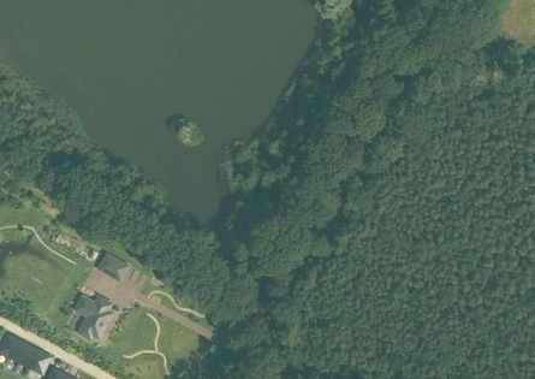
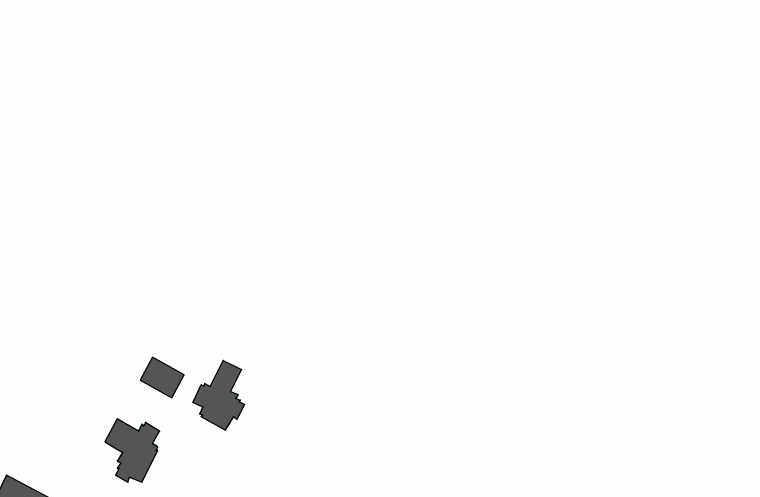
building: none -> [193,360,244,430]

